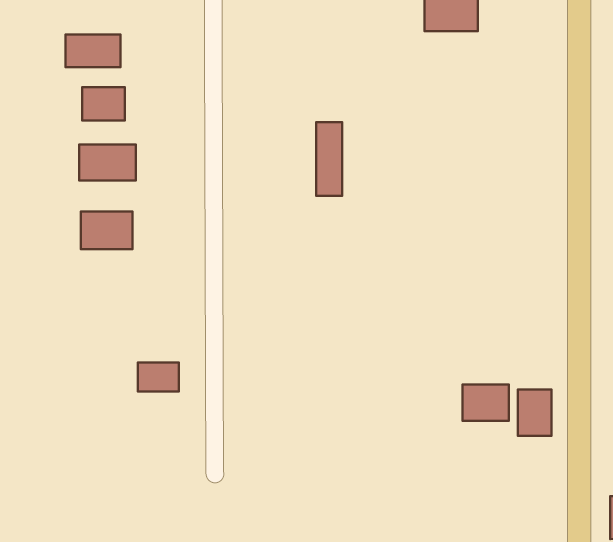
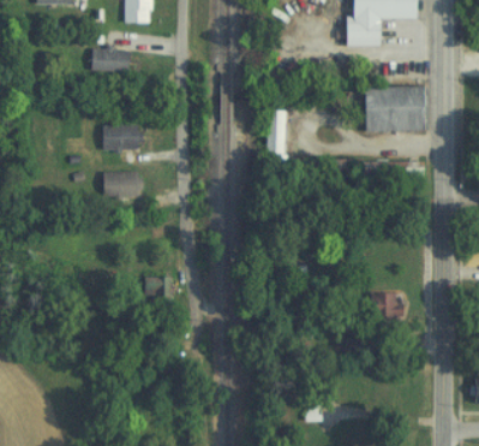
building: [82,87,125,121] -> none
building: none -> [364,87,430,132]
building: [518,390,551,436] -> none

